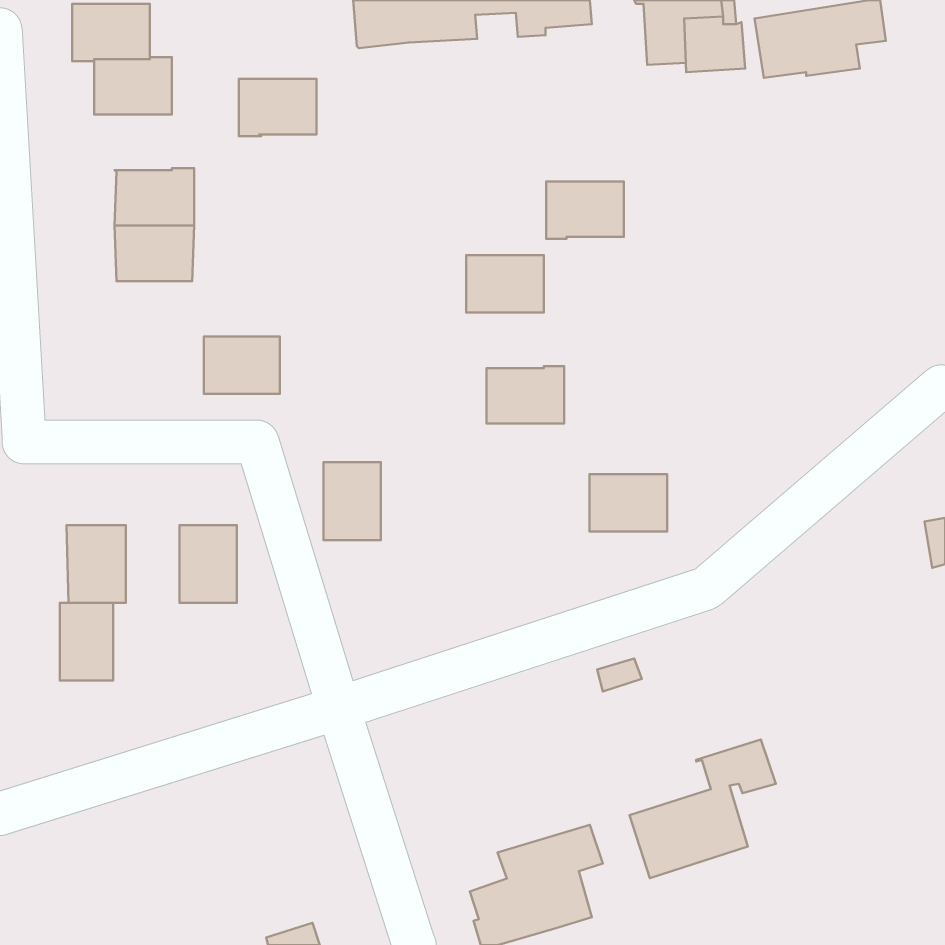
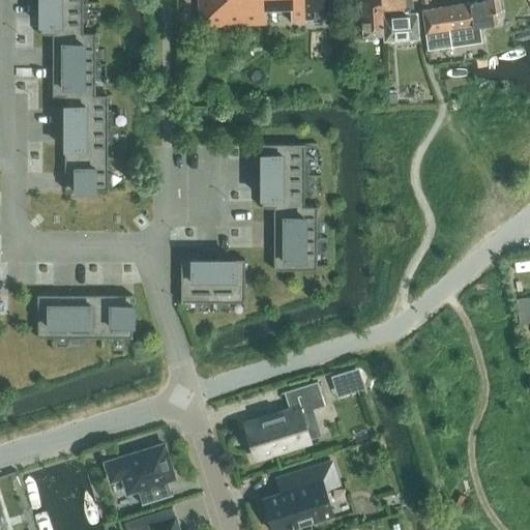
building: [239,79,317,136] -> [53,64,96,96]
building: [546,181,624,239] -> [261,175,304,207]
building: [204,336,280,394] -> [65,157,108,189]
building: none -> [213,259,245,302]
building: [589,474,667,531] -> [272,237,316,269]
building: [60,603,113,681] -> [70,294,100,337]
building: [630,739,776,878] -> [243,381,325,459]
building: none -> [105,444,174,505]

